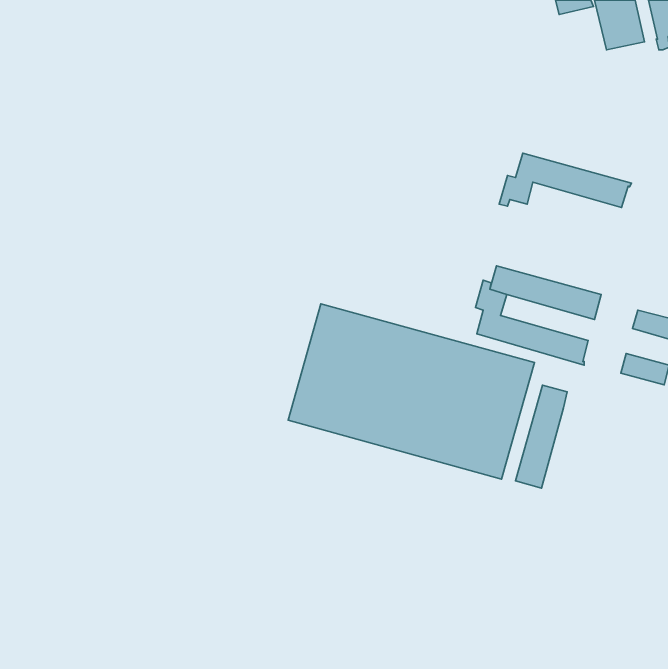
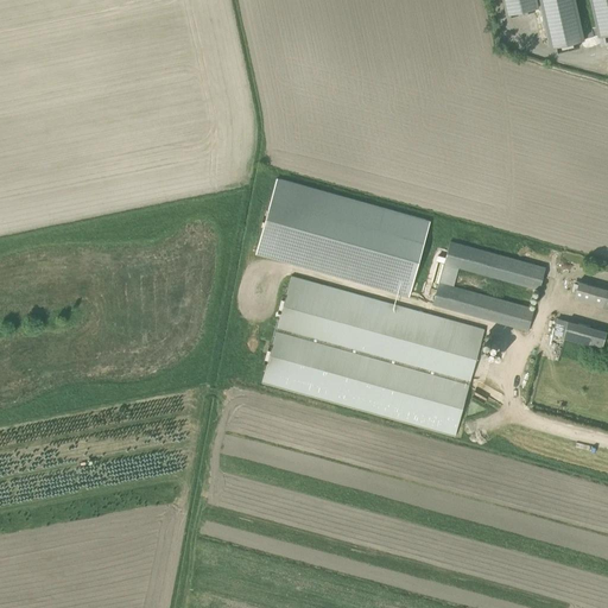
building: [499,153,632,207] -> none
building: none -> [256,178,431,296]
building: [516,385,567,488] -> none

